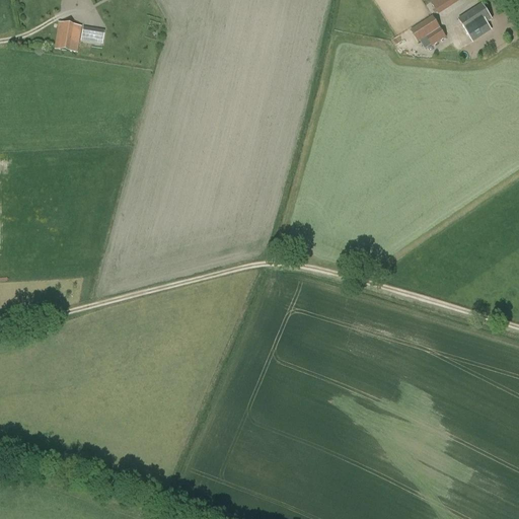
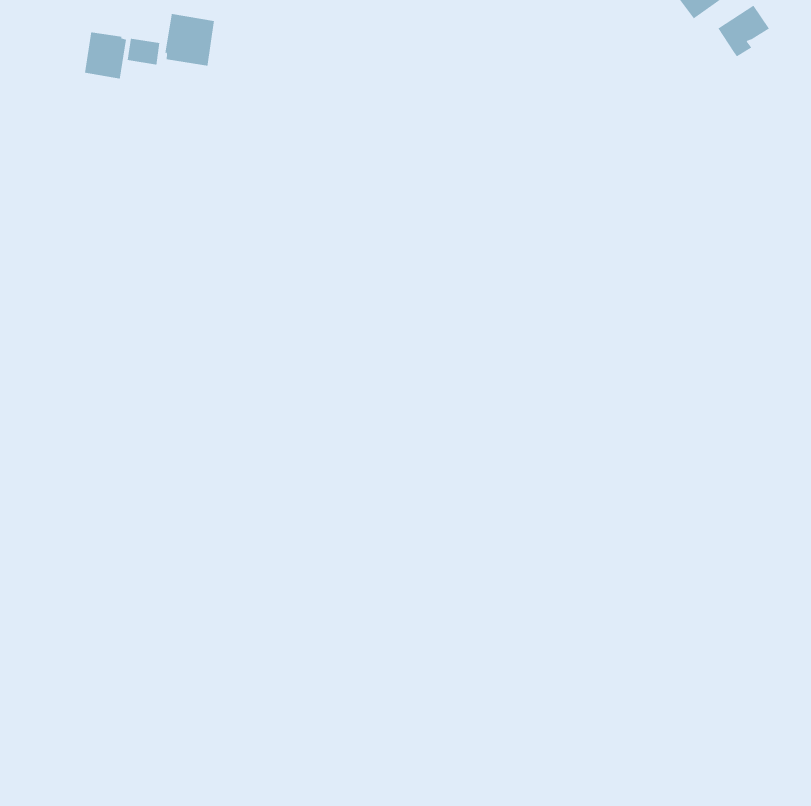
building: none -> [165,13,215,66]
building: [411,15,446,45] -> none

